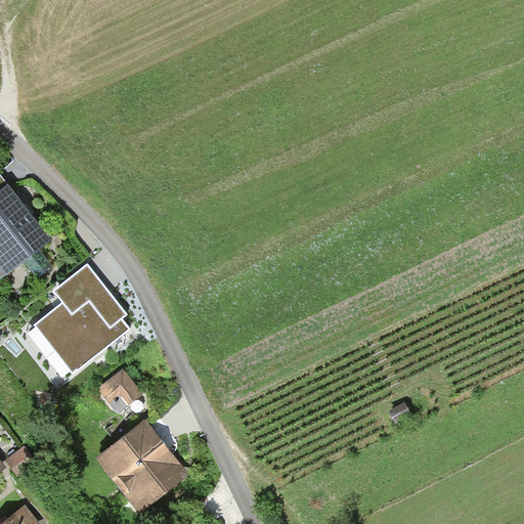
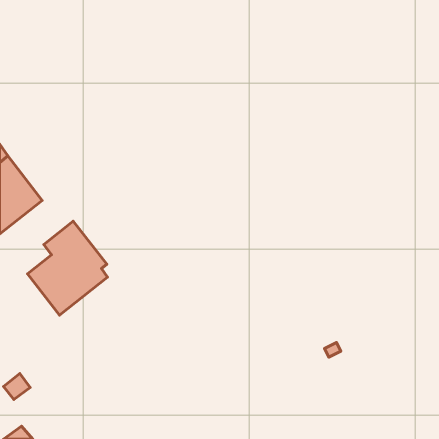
building: [99,368,141,410] -> none
building: [97,422,185,510] -> none

